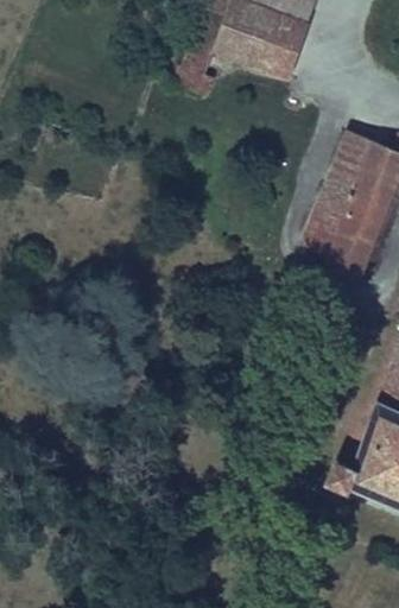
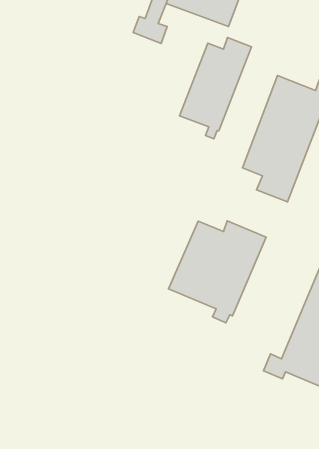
building: none -> [179,38,251,139]
building: none -> [168,221,266,323]

